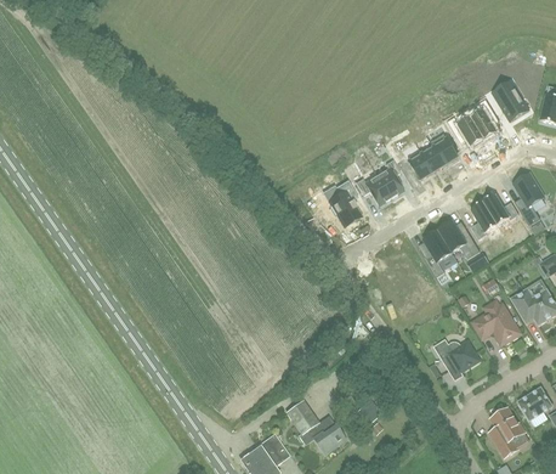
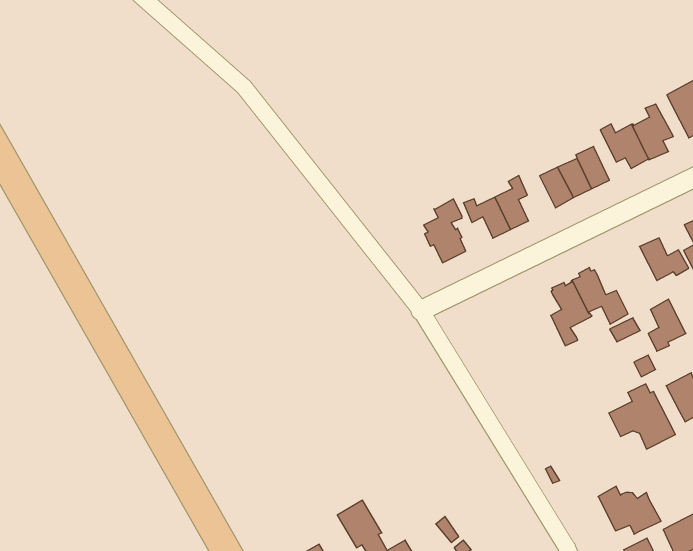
building: [471,202,498,239] -> [648,299,686,351]
building: [433,338,480,371] -> [598,486,661,534]

